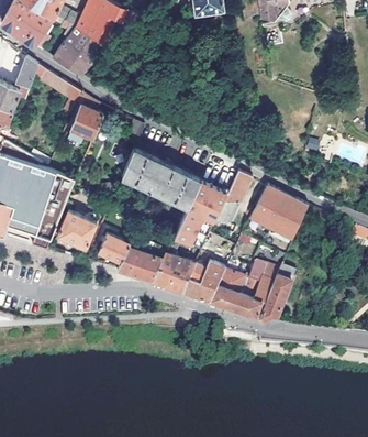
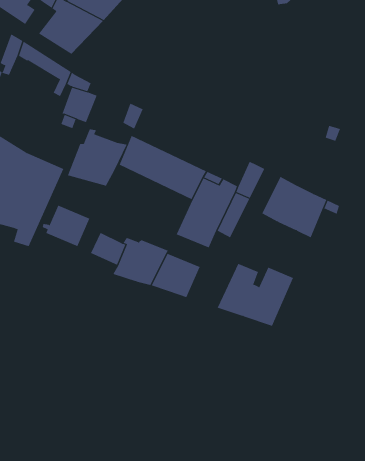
building: none -> [67,128,127,186]
building: [182,253,227,301] -> none
building: [258,263,295,321] -> none

